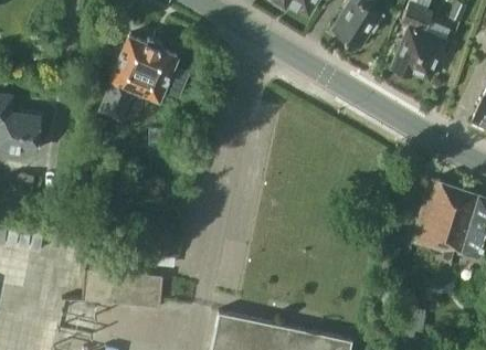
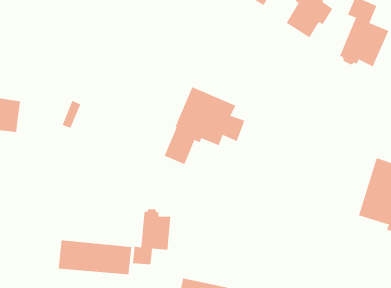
building: [98,36,188,123] -> [164,86,245,165]
building: none -> [133,209,171,265]

